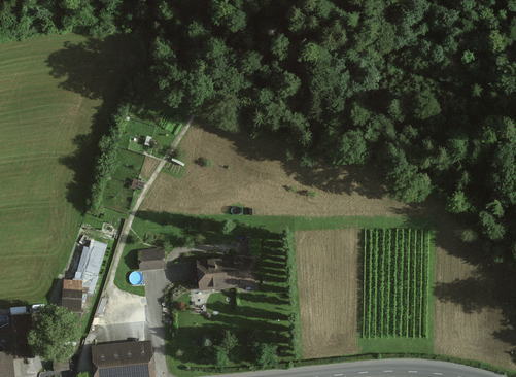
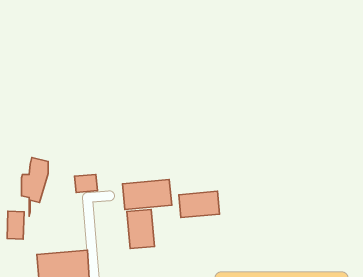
building: none -> [179,191,220,218]
building: none -> [127,209,155,248]

